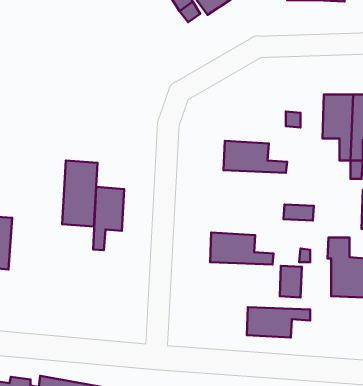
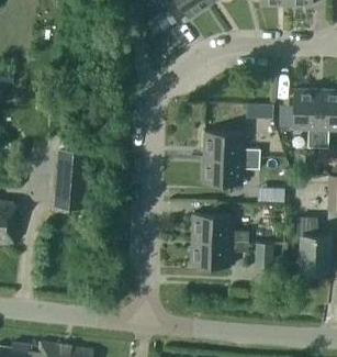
building: none -> [202,157,259,185]
building: [93,187,124,250] -> none
building: [247,307,310,338] -> [190,239,247,267]

